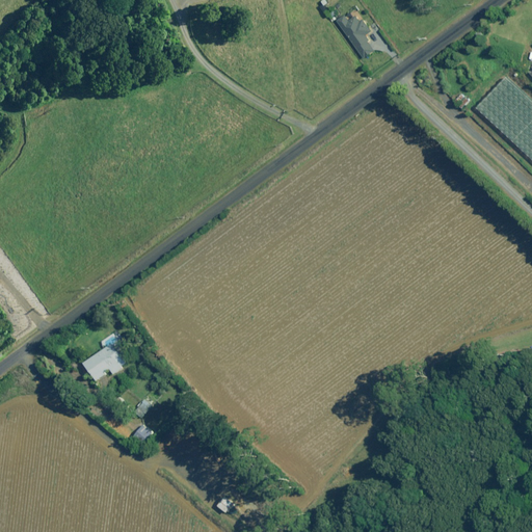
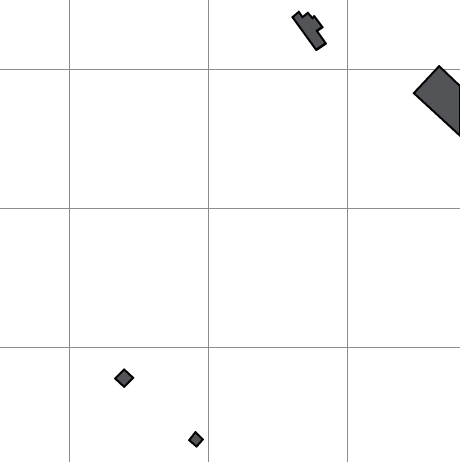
building: [84,334,130,379] -> none

